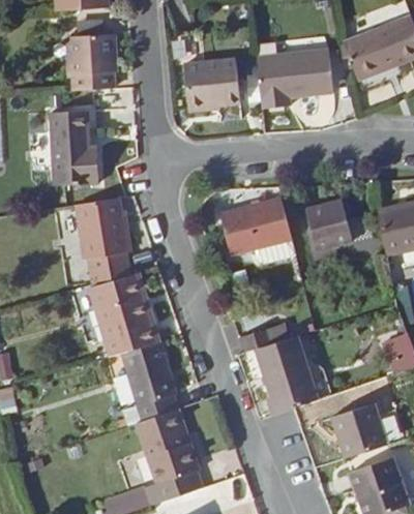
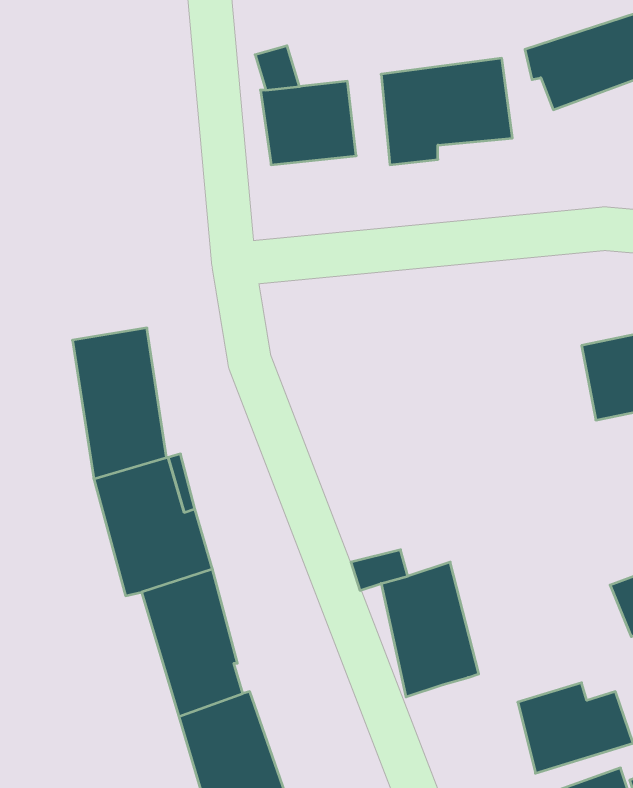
building: [66,33,118,89] -> none
building: [49,110,97,179] -> none
building: [225,193,299,264] -> none
building: [307,202,353,245] -> none

